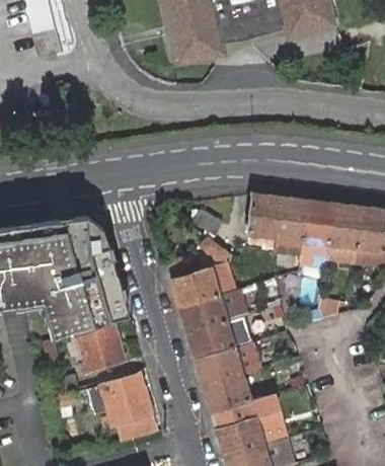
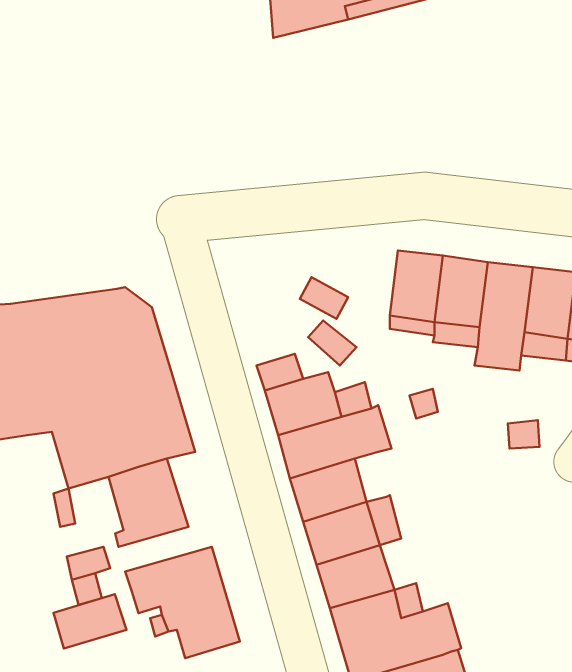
building: none -> [54,594,127,649]

